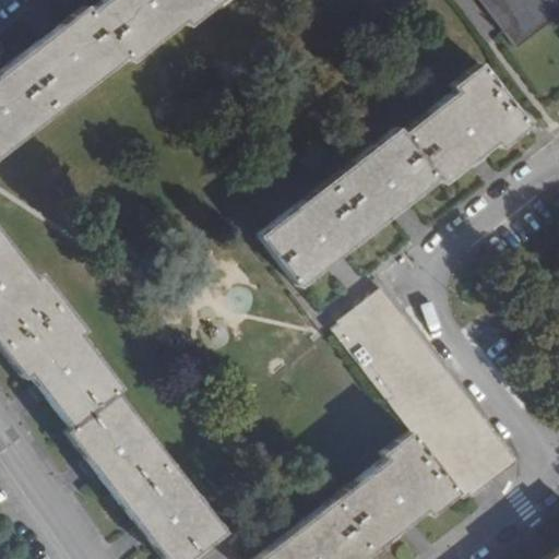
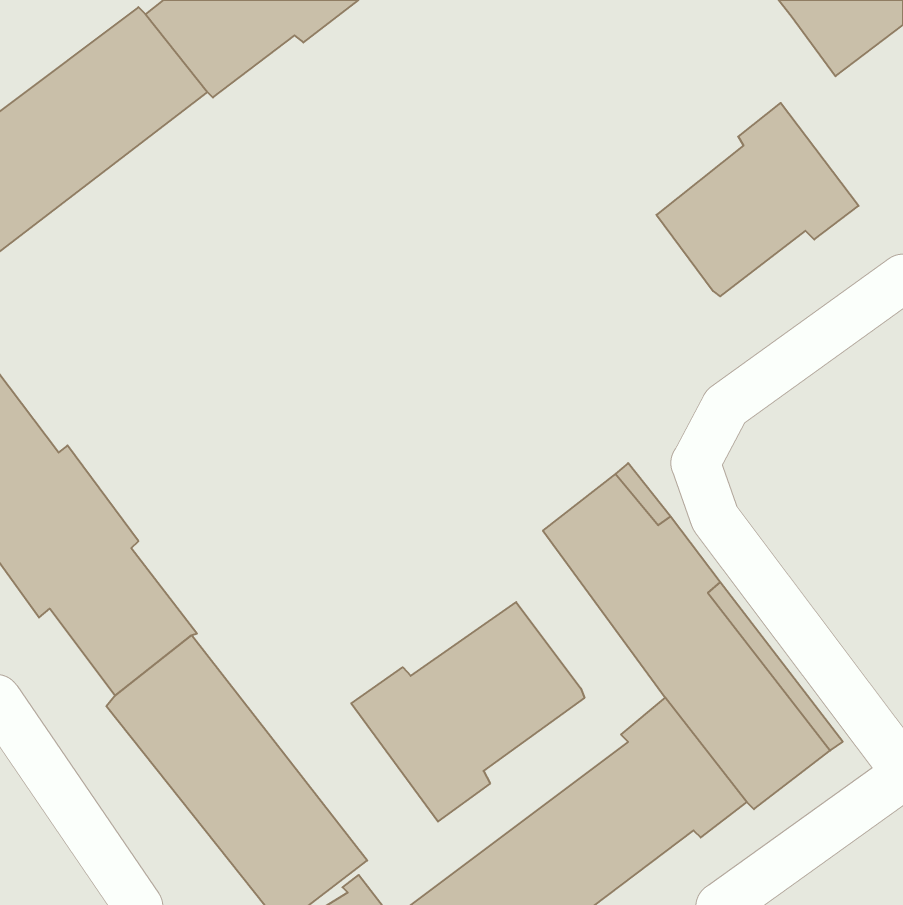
building: [260,128,439,287] -> none
building: none -> [351,602,584,822]

